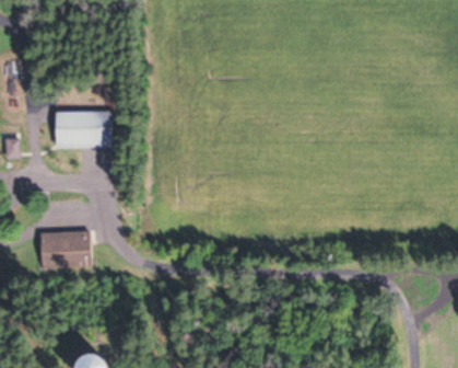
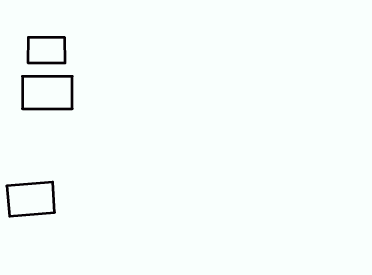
building: none -> [28,37,65,63]

